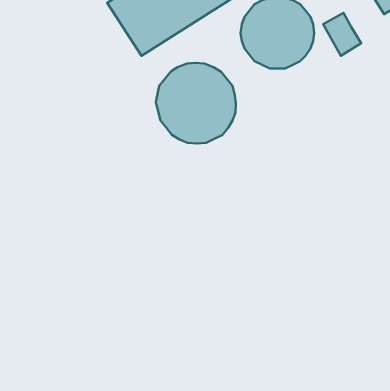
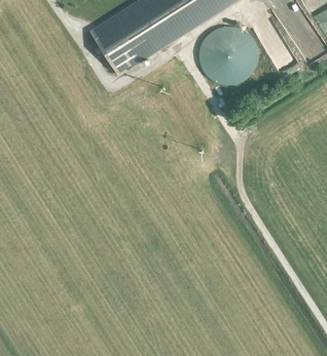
building: [156,63,236,144] -> none

